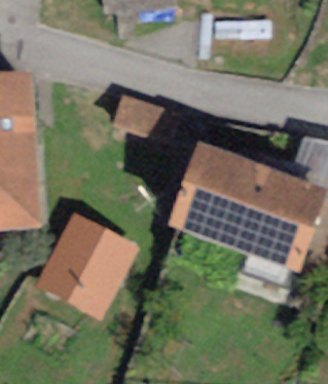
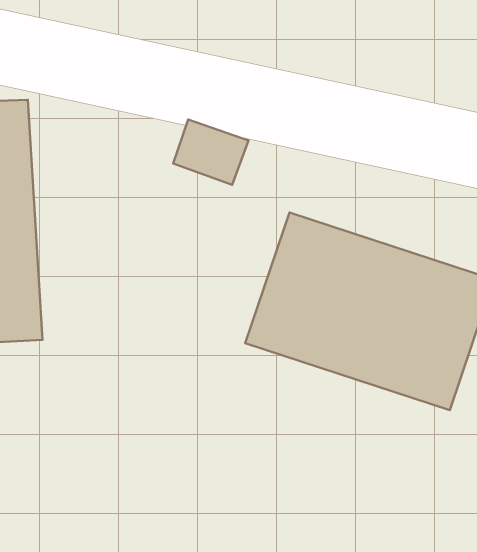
building: [35,205,138,312] -> none

